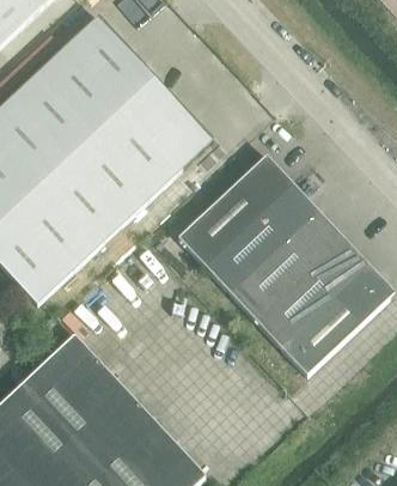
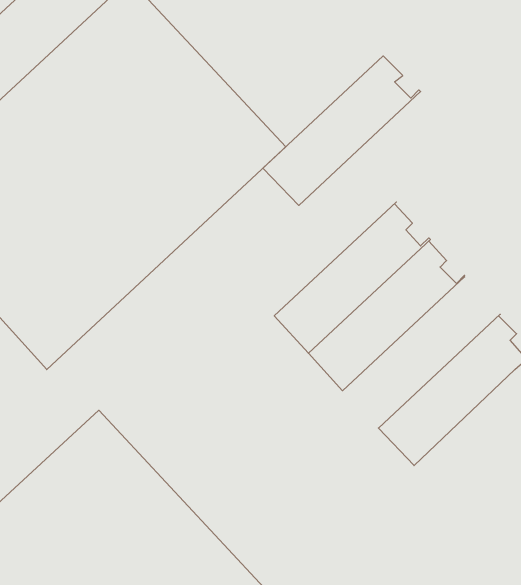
building: [178,154,294,265] -> [263,56,421,205]
building: [255,236,371,347] -> none

